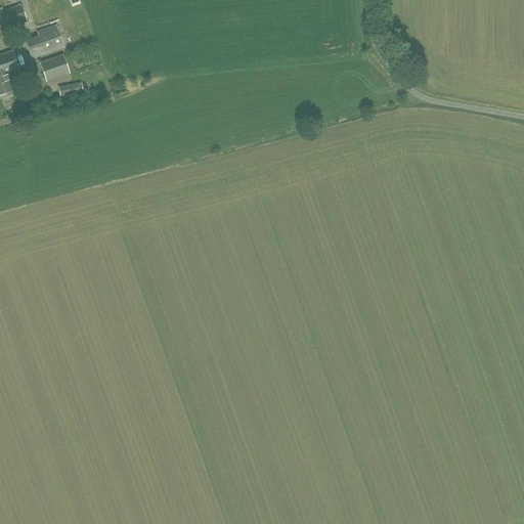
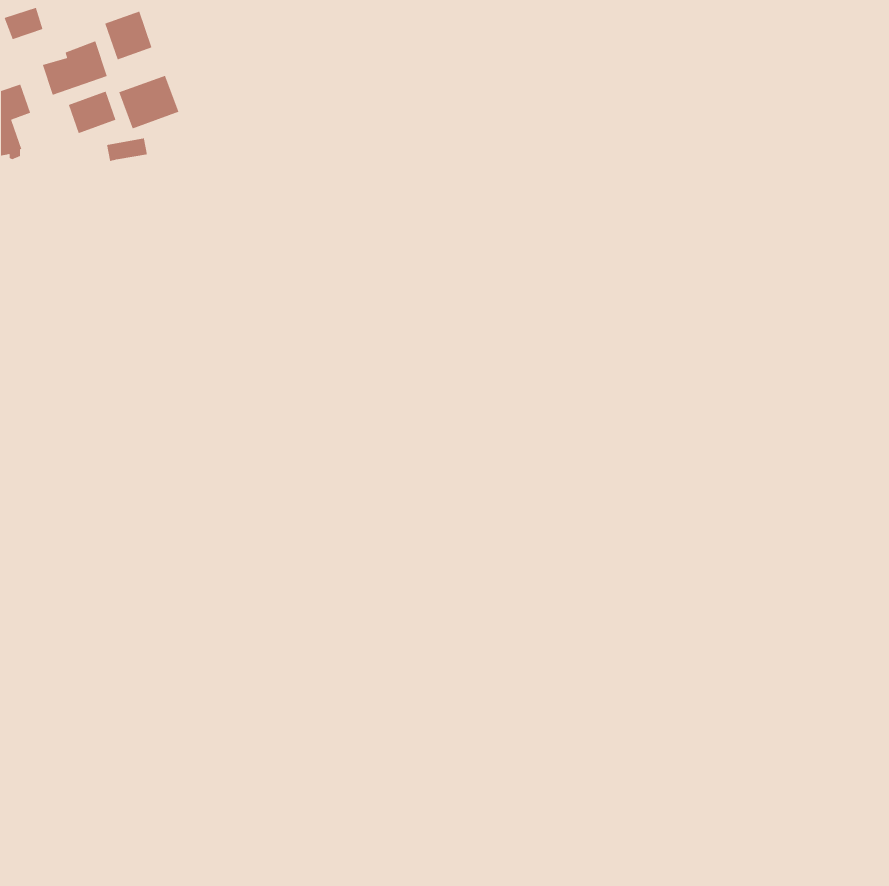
building: none -> [104,11,153,61]
building: none -> [118,75,179,130]

